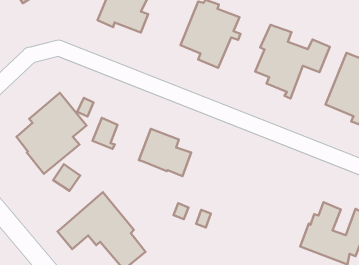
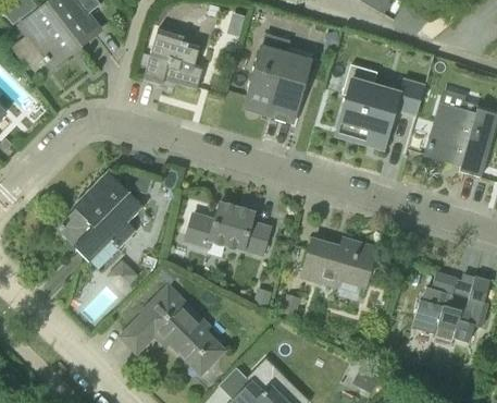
building: [92,118,118,149] -> [186,212,214,248]
building: none -> [300,237,376,288]

